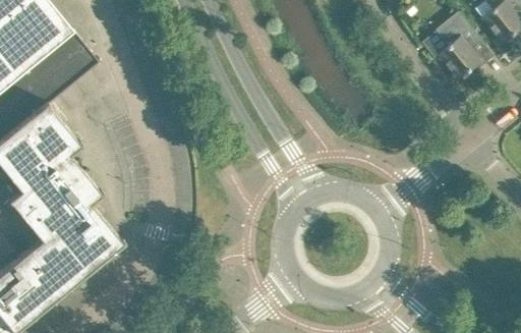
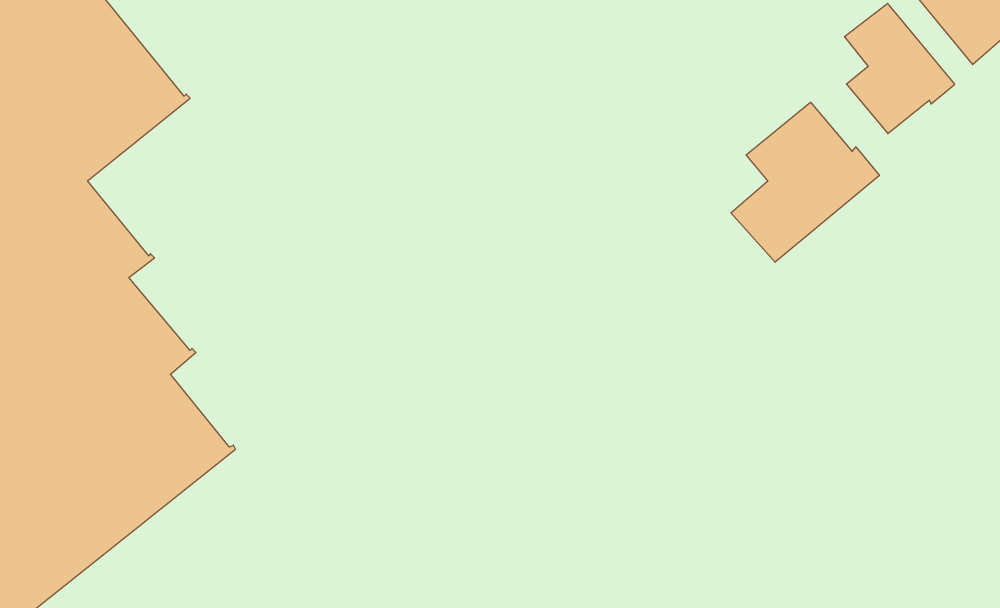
building: none -> [731,102,879,262]

